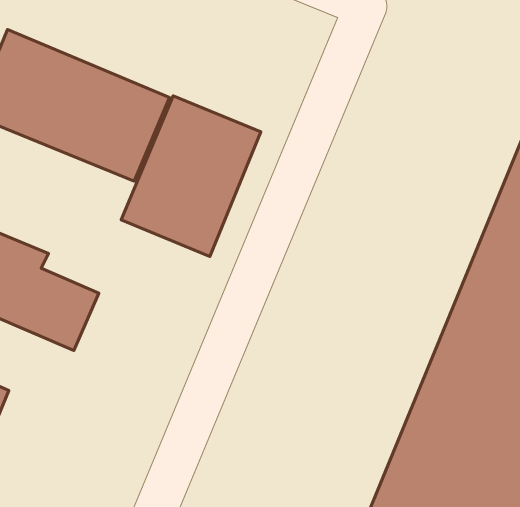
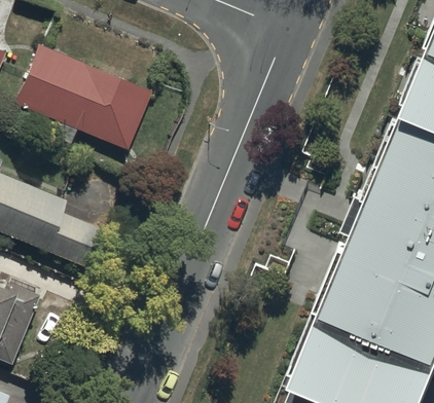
building: [121,96,261,257] -> none

